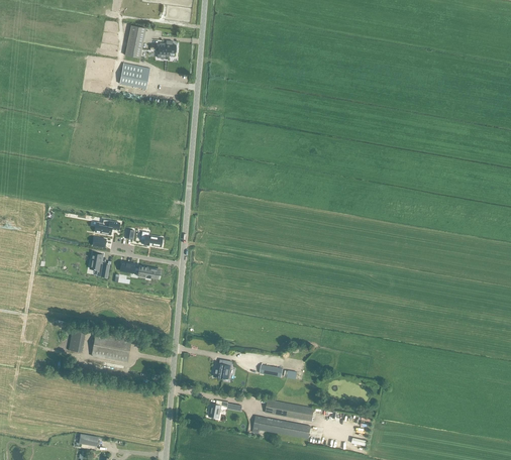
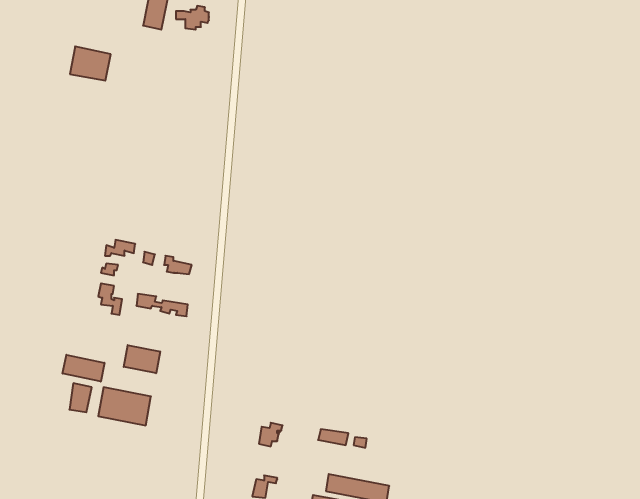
building: [118,62,149,88] -> [70,46,111,81]
building: none -> [124,345,160,373]
building: none -> [63,355,104,382]

